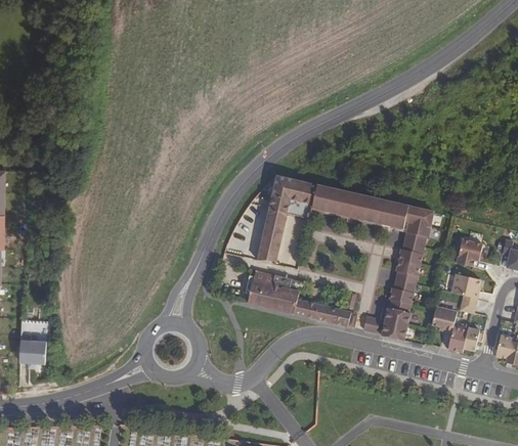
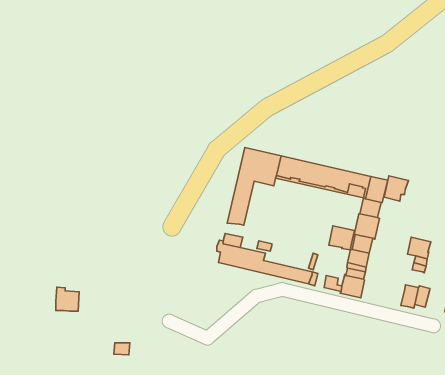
building: [457,238,483,266] -> [384,176,408,201]
building: none -> [329,226,354,250]
building: [431,304,457,331] -> none
building: [17,331,43,358] -> [56,287,79,311]

